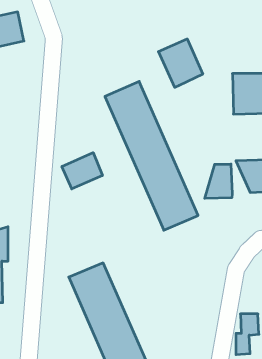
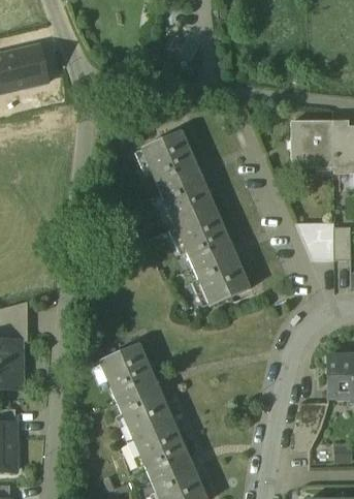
building: [158,39,203,87] -> none
building: [62,153,102,189] -> none
building: [205,164,232,198] -> none

